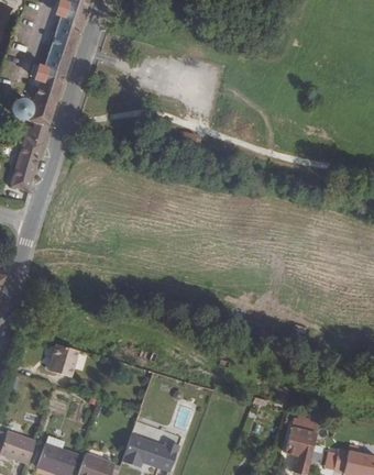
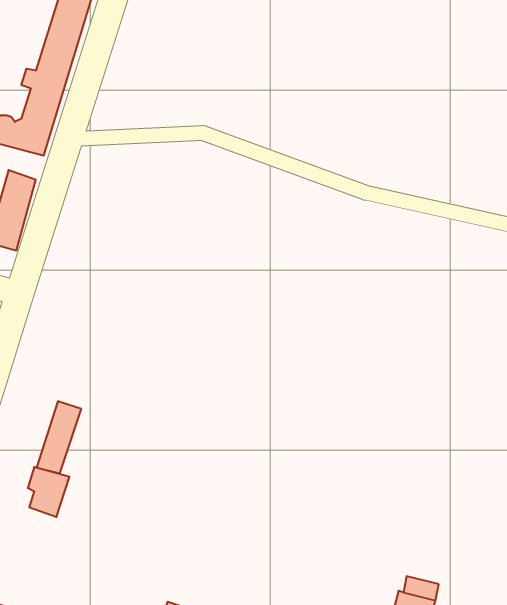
building: none -> [37,401,81,473]

